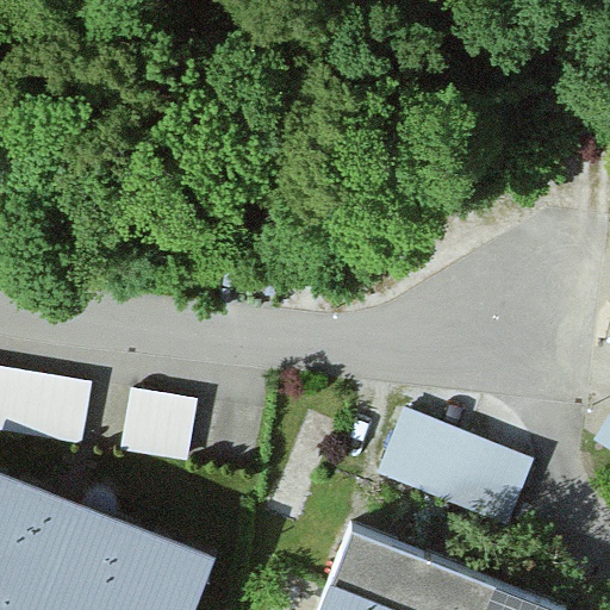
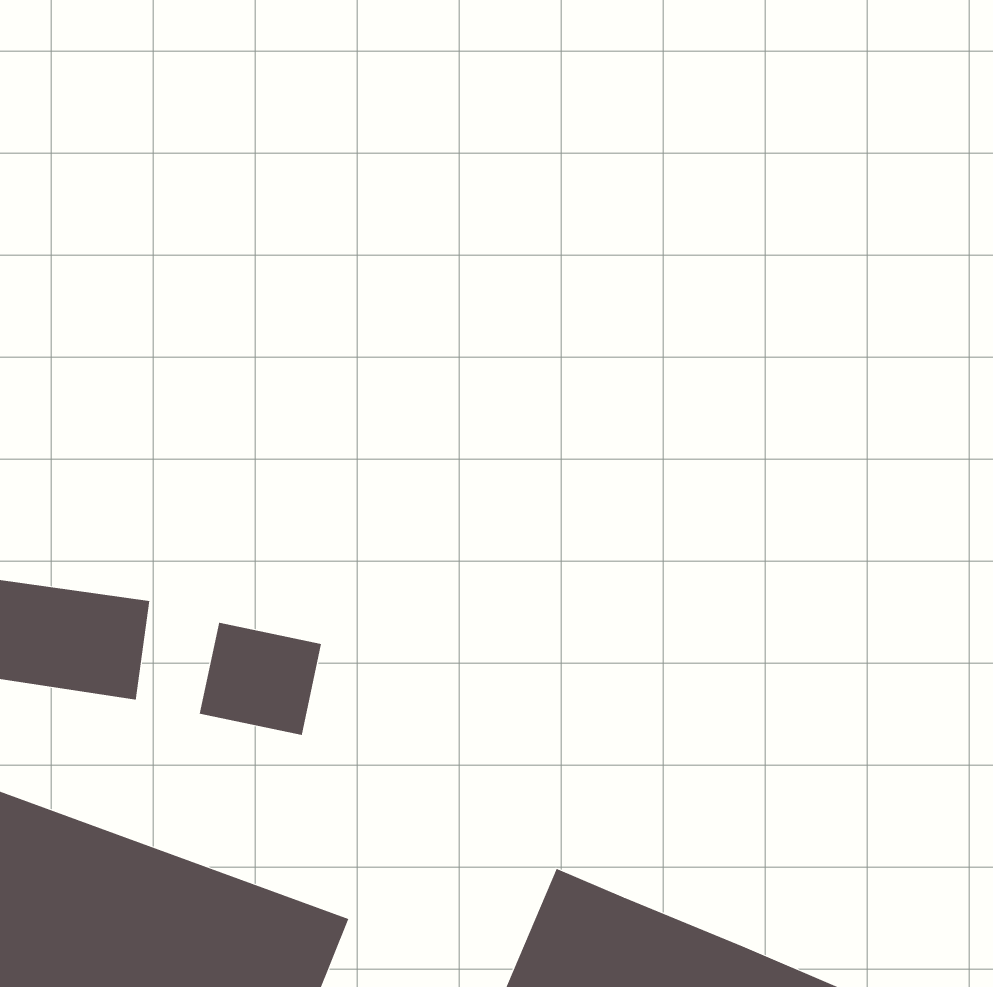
building: [381,409,535,513] -> none

